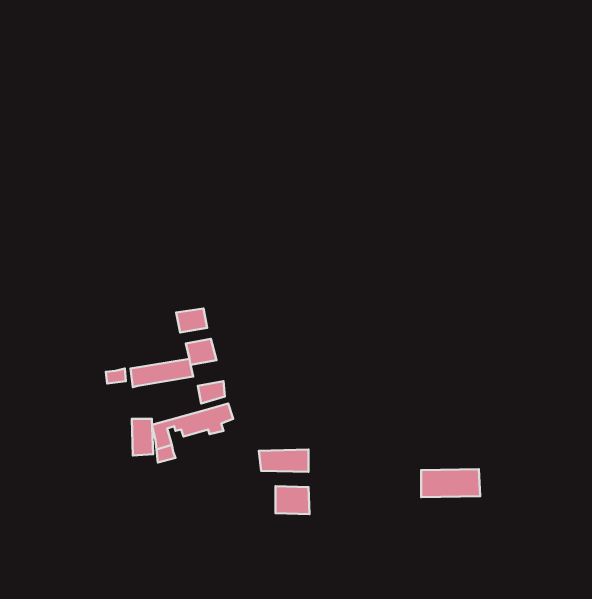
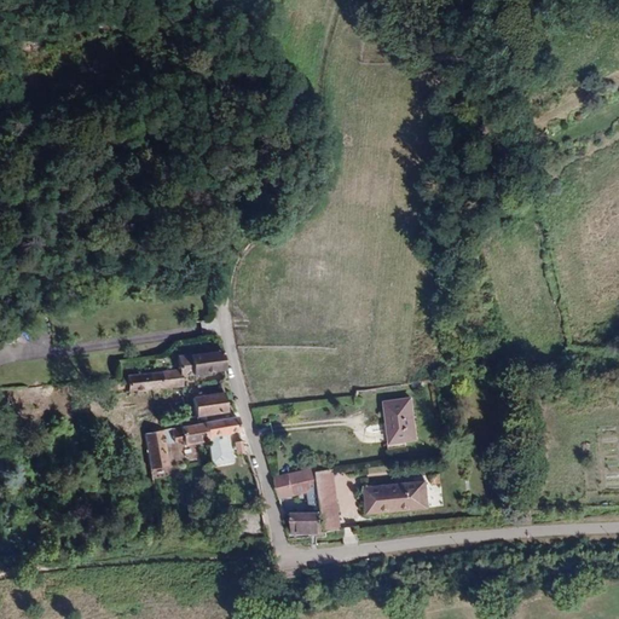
building: [176,309,207,333] -> none
building: none -> [386,398,413,438]
building: none -> [317,464,336,531]
building: [421,469,480,497] -> [364,482,424,511]

